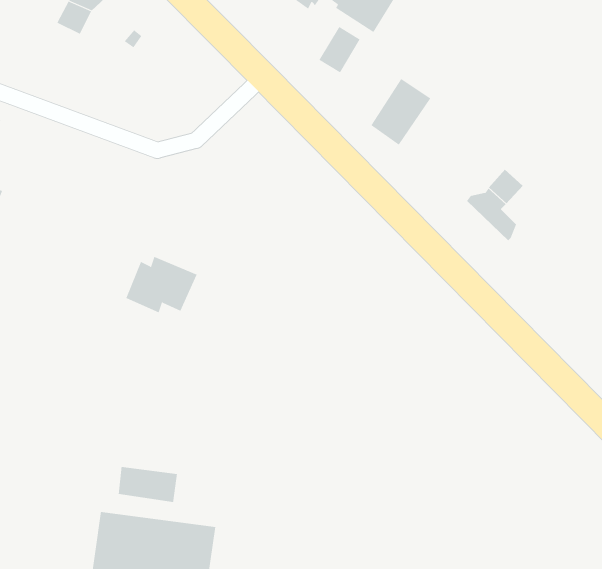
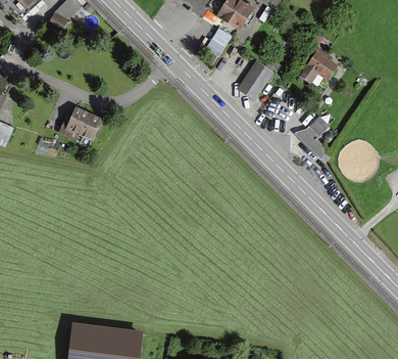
building: none -> [299,47,338,84]
building: [125,256,198,313] -> [58,107,102,142]
building: [118,466,178,503] -> none

